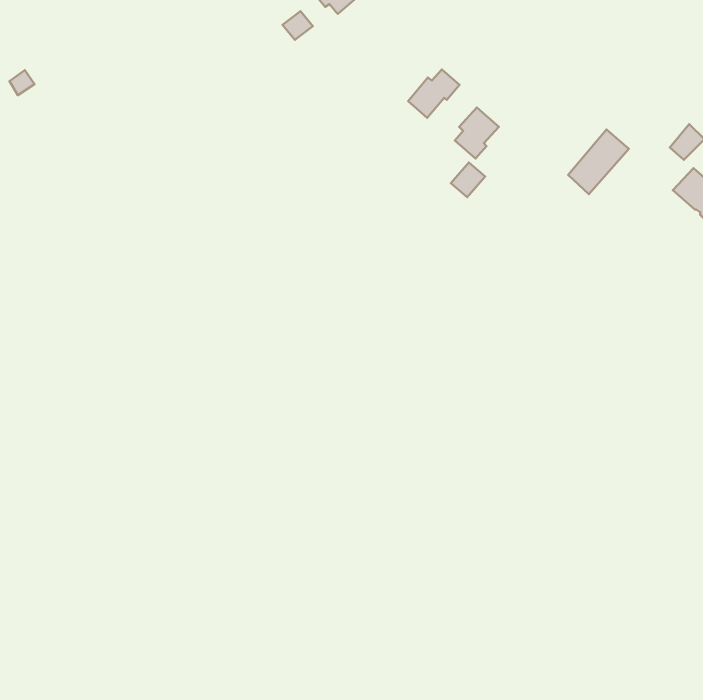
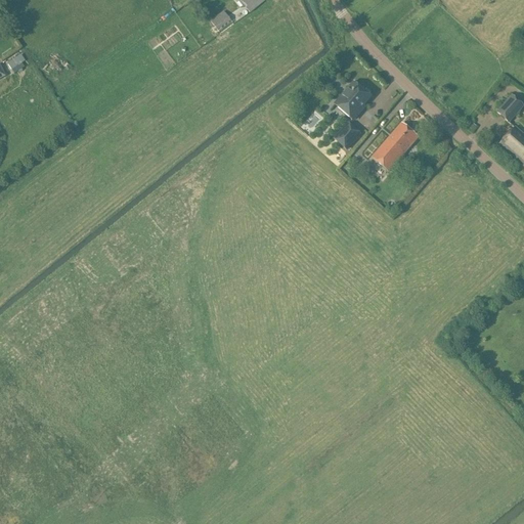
building: [408,69,459,118] -> none
building: [568,129,629,194] -> [374,121,419,169]

